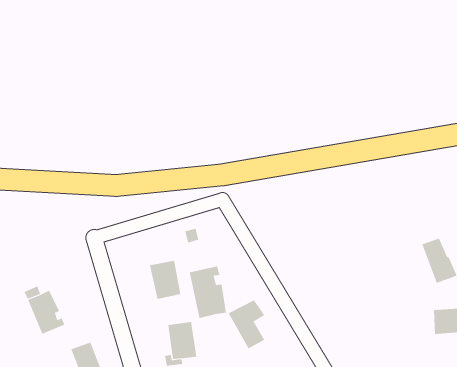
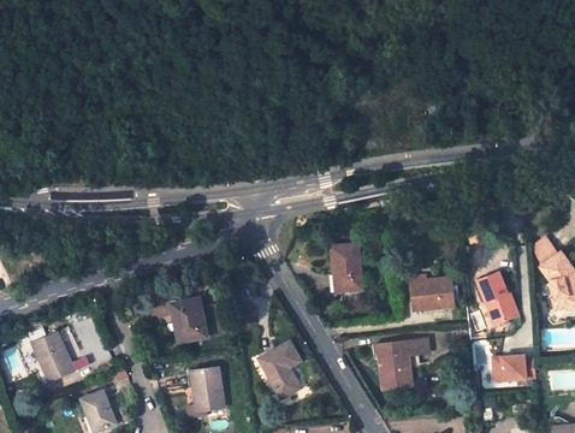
building: none -> [332,243,361,291]
building: none -> [410,275,454,310]
building: [189,265,226,319] -> none
building: none -> [377,337,428,388]

